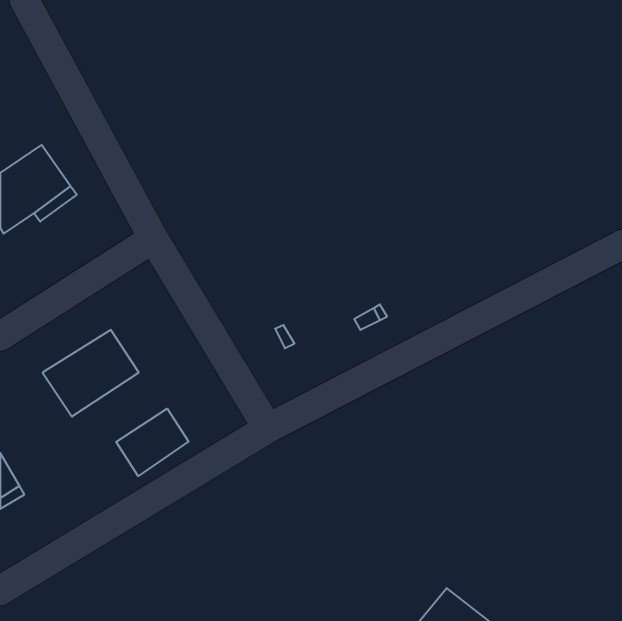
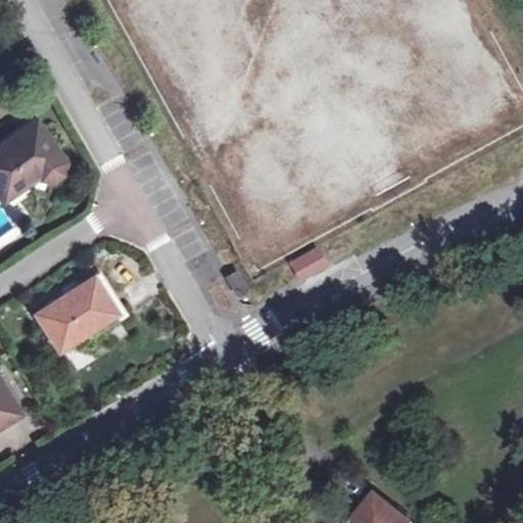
building: [116,409,188,476] -> none

